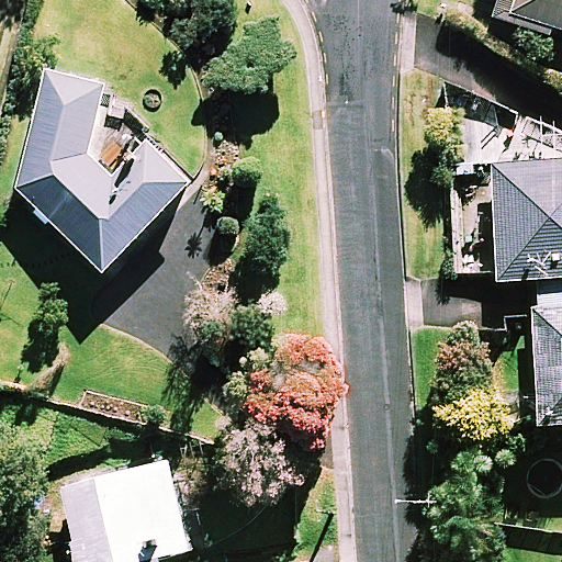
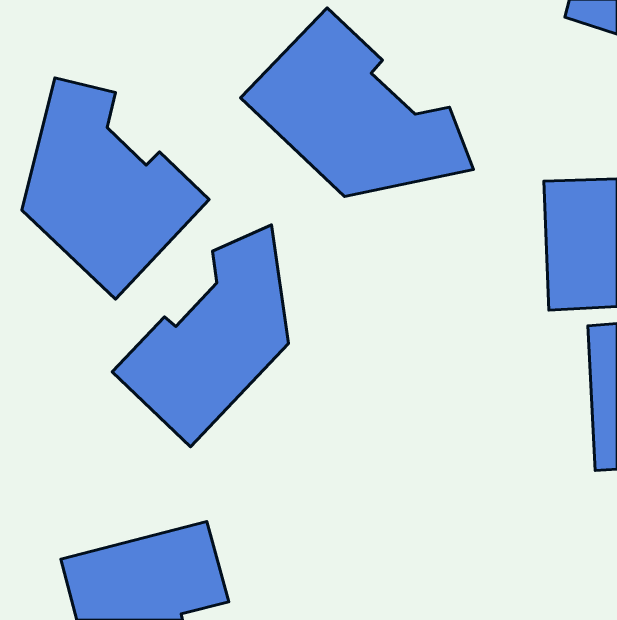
building: none -> [240,8,474,197]
building: none -> [112,225,289,447]

